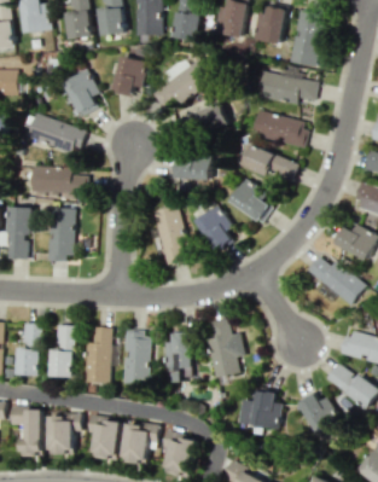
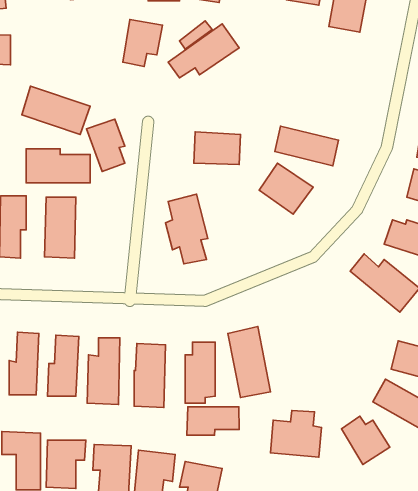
building: [65,71,98,116] -> [86,119,125,172]
building: [257,72,316,103] -> none
building: [175,103,229,143] -> none
building: [251,111,307,146] -> none
building: [197,207,232,251] -> none
building: none -> [187,407,239,435]

